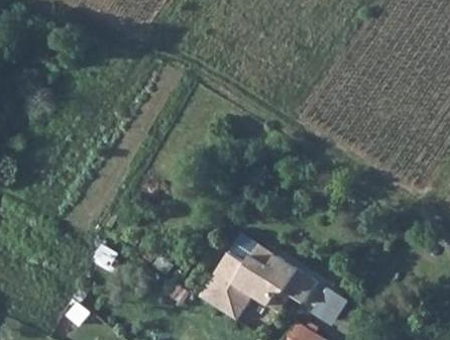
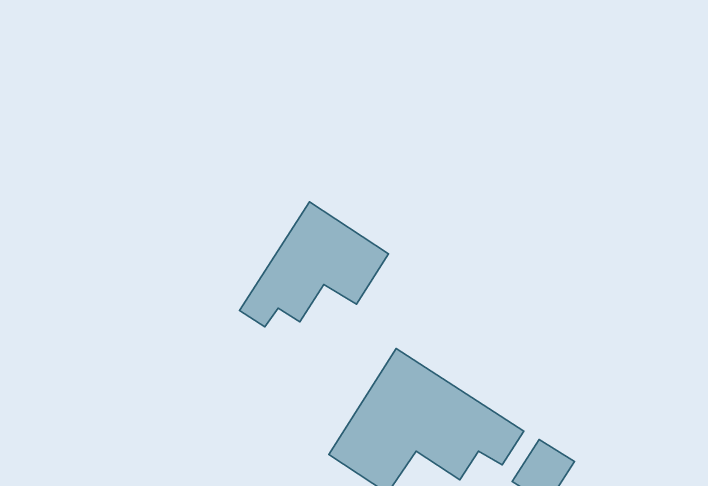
building: none -> [239,202,388,327]

